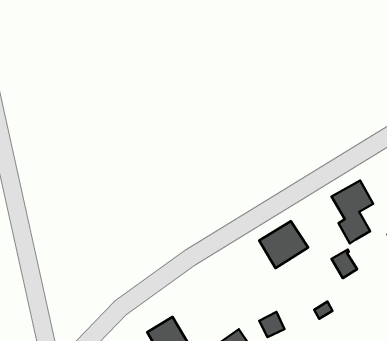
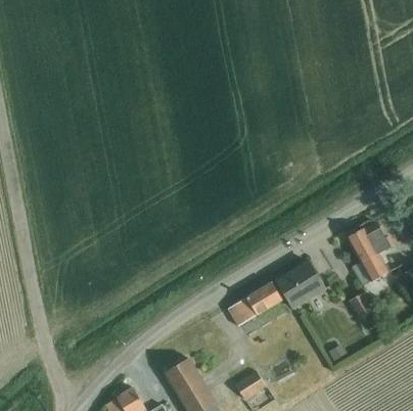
building: none -> [228,284,281,326]

